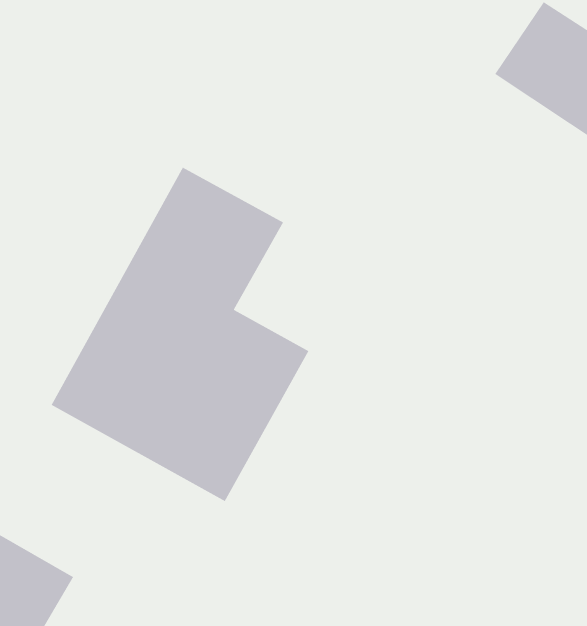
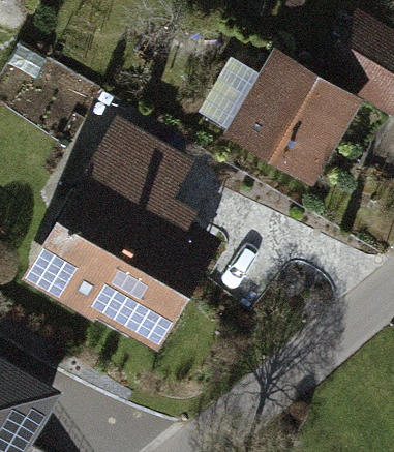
building: none -> [226,51,363,186]

